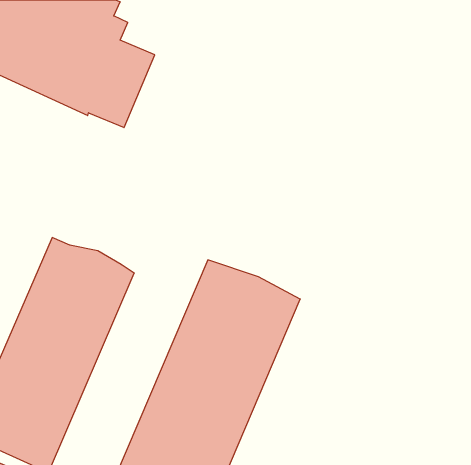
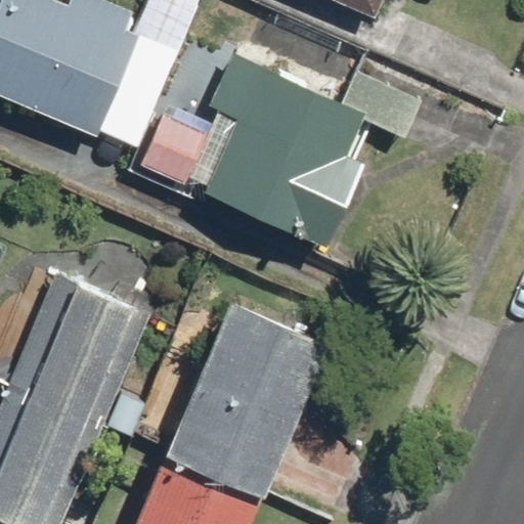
building: none -> [203,51,364,245]

